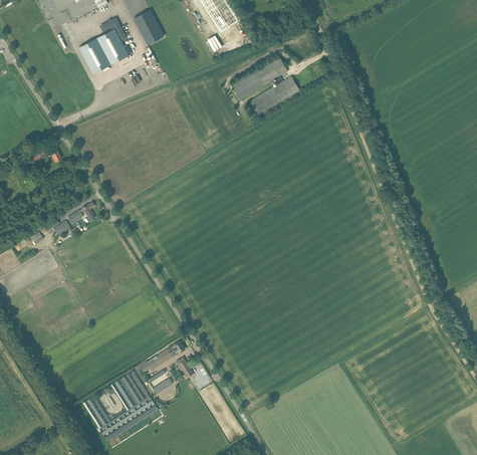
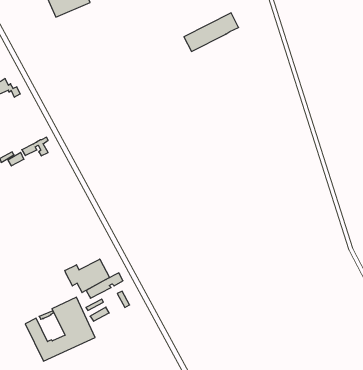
building: [250,75,300,117] -> none
building: none -> [65,259,110,293]

